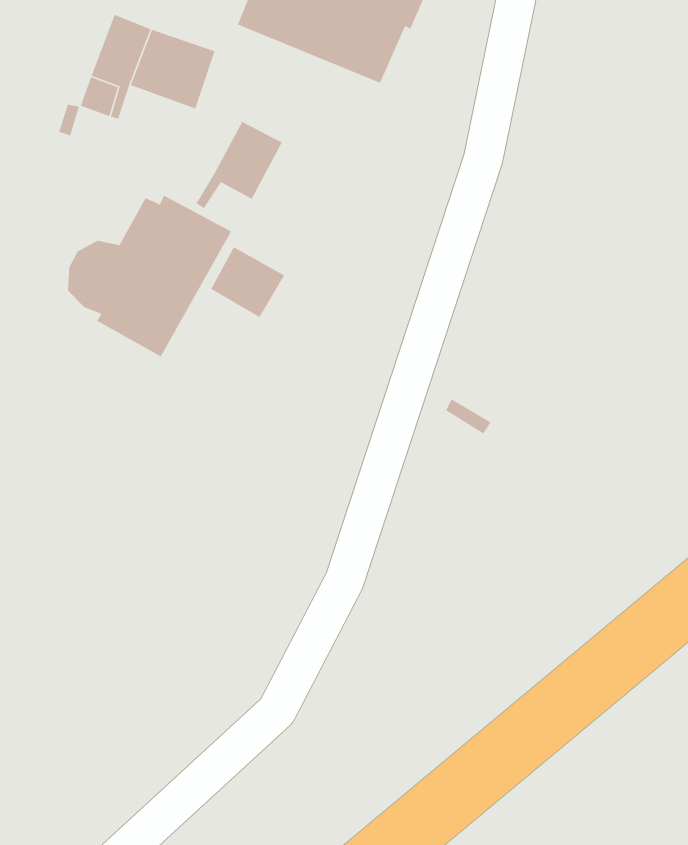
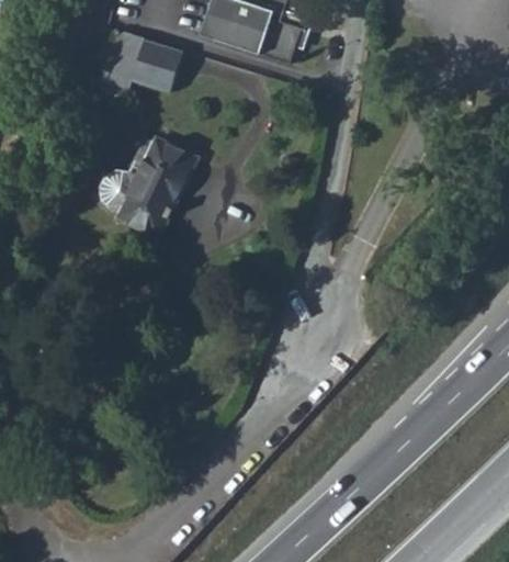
building: [195,121,283,209] -> none
building: [210,246,285,318] -> none

